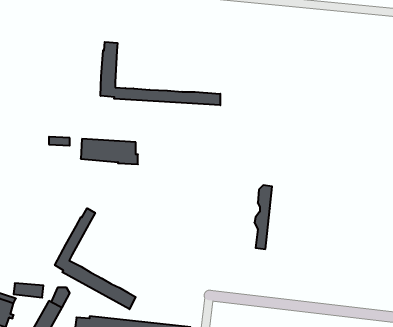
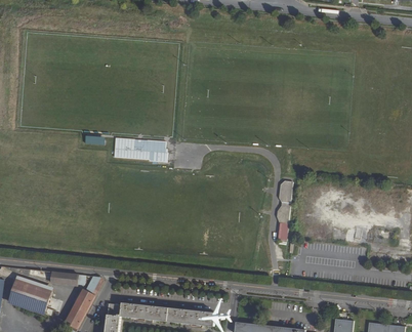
building: [101,42,220,105] -> none
building: [55,208,136,309] -> none

